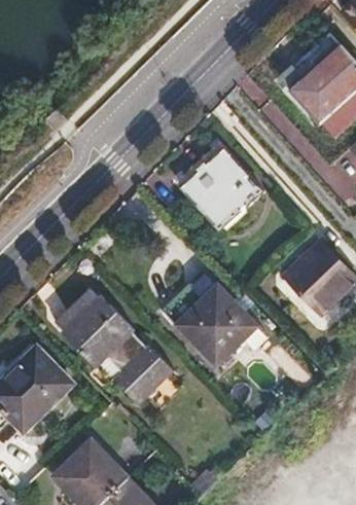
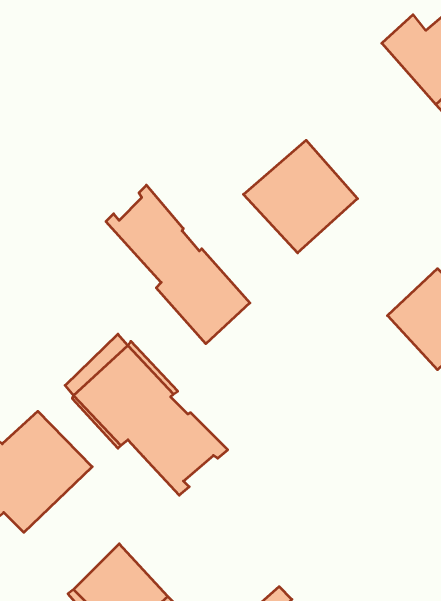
building: none -> [106,185,250,344]
building: [175,284,257,366] -> none

